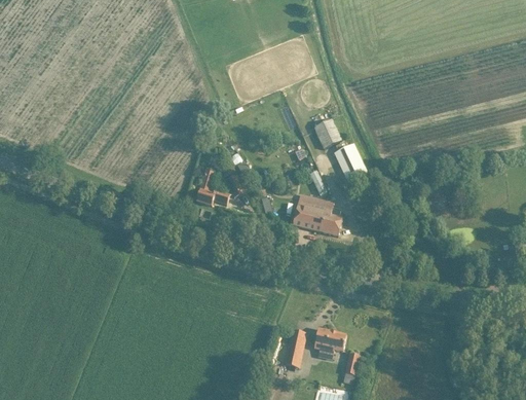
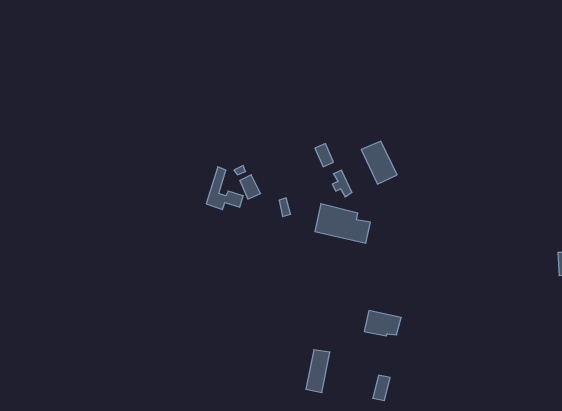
building: [313,116,342,147] -> none
building: [314,328,347,351] -> [364,311,401,336]

